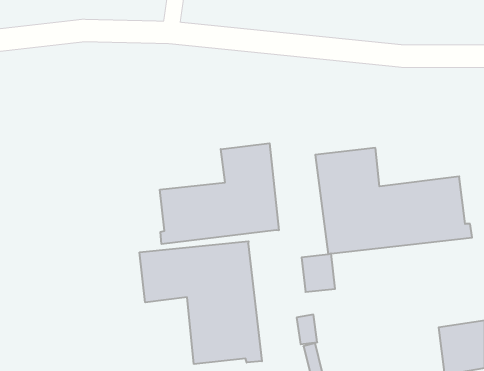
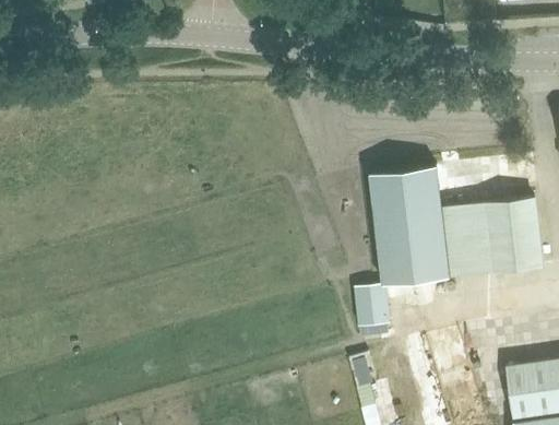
building: [160,143,279,244] -> none
building: [140,241,262,364] -> none

